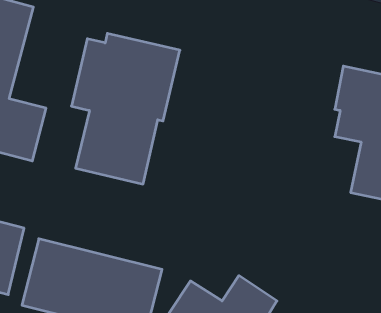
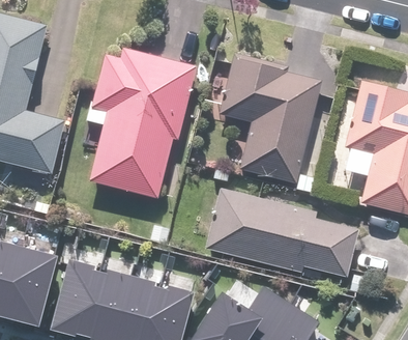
building: none -> [220,57,323,195]
building: none -> [206,190,356,276]

